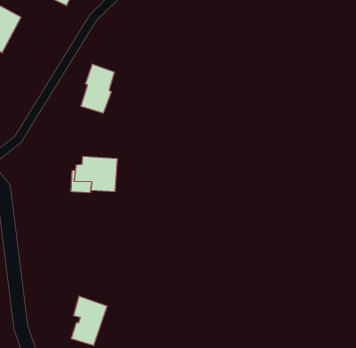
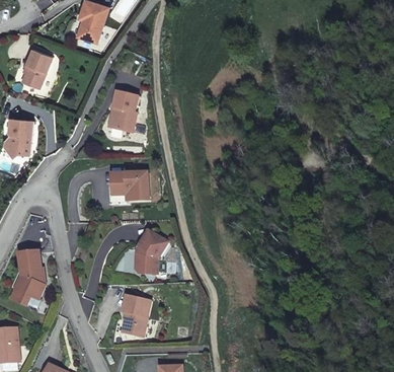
building: none -> [136,230,167,273]

